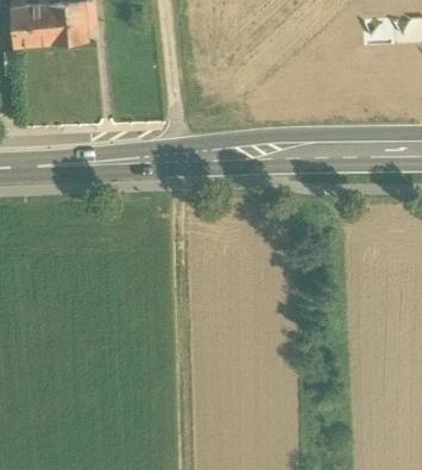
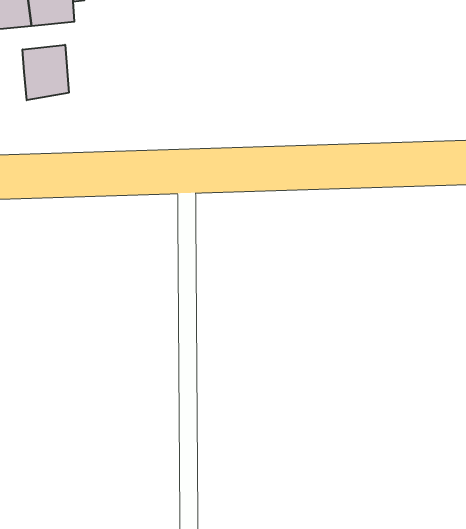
building: none -> [23,45,69,100]

